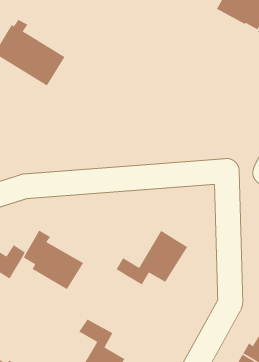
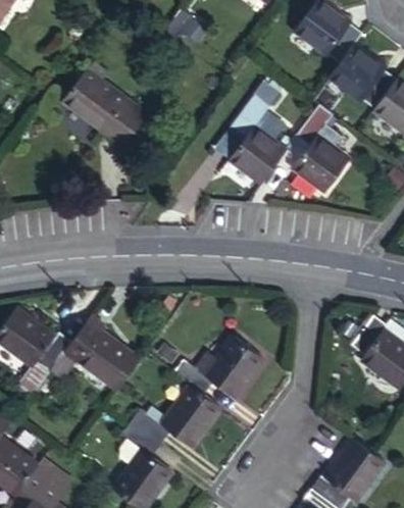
building: none -> [292,105,343,188]
building: none -> [228,102,281,187]
building: none -> [137,383,224,445]

